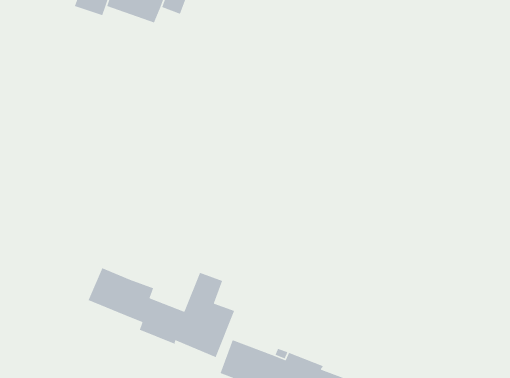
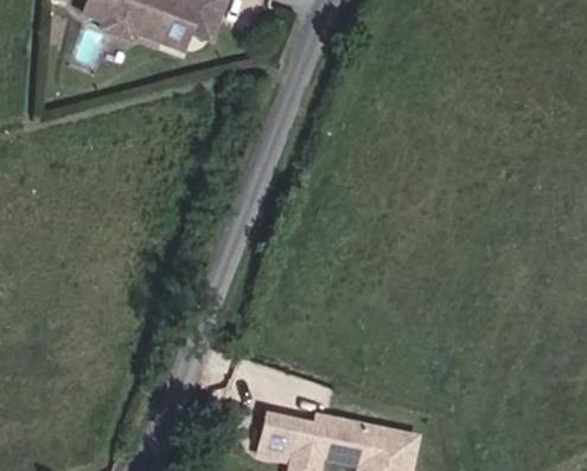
building: [88,267,235,358] -> none

